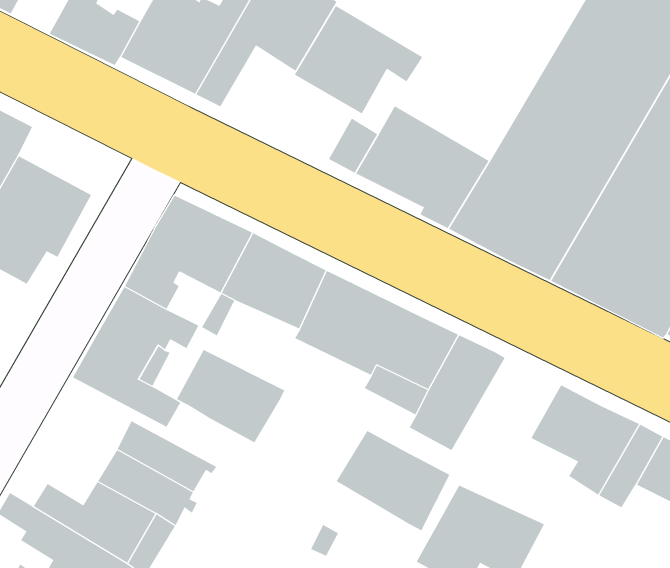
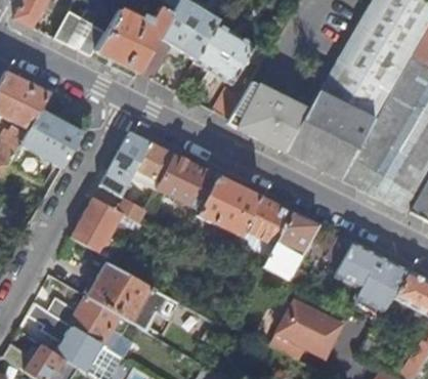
building: [176,349,285,443] -> none
building: [336,430,450,531] -> none

